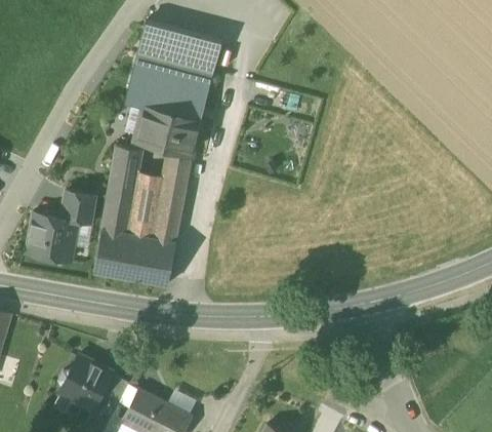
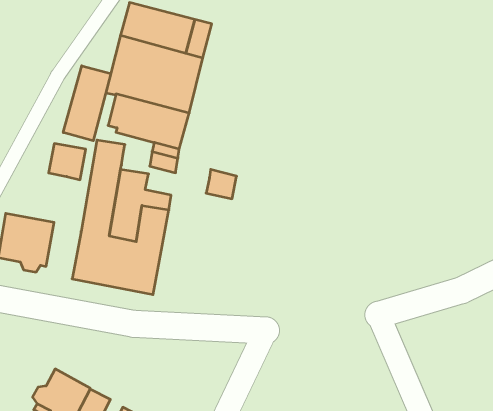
building: none -> [63,66,111,141]
building: [160,170,188,197] -> [206,169,237,199]
building: [60,192,94,225] -> [49,144,86,180]

